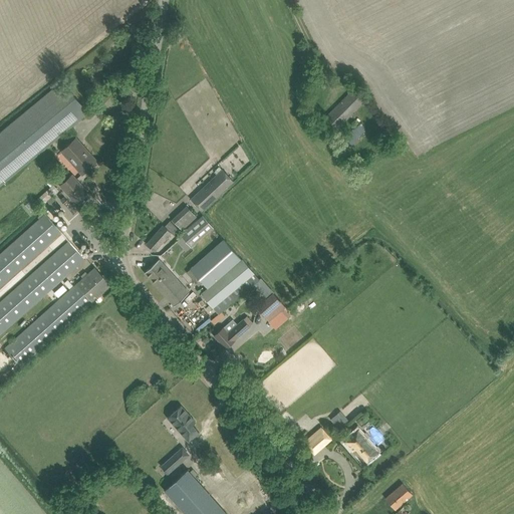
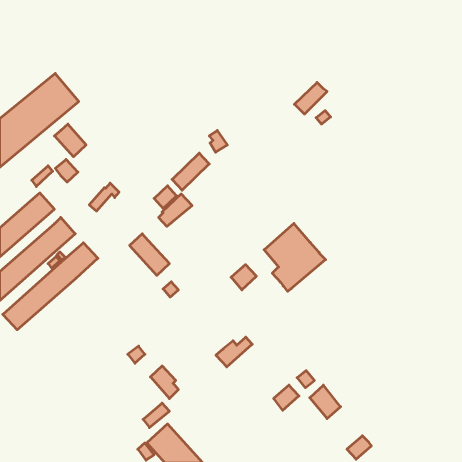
building: [146,221,179,252] -> [89,183,119,211]
building: [191,240,259,315] -> [264,223,326,291]
building: [213,316,253,349] -> [216,337,252,367]

